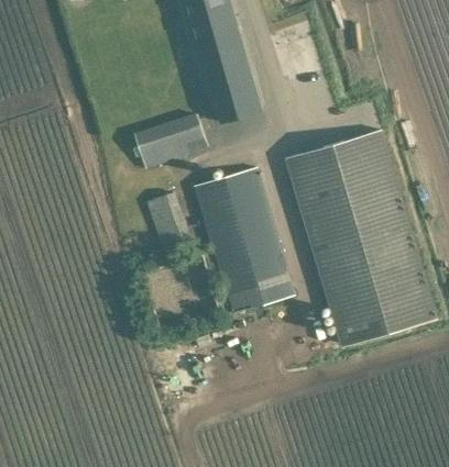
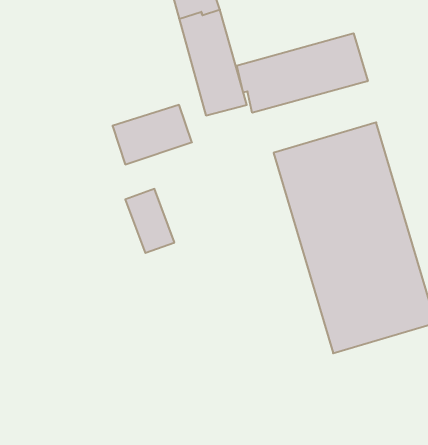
building: none -> [237,33,368,113]
building: [195,166,296,313] -> none

